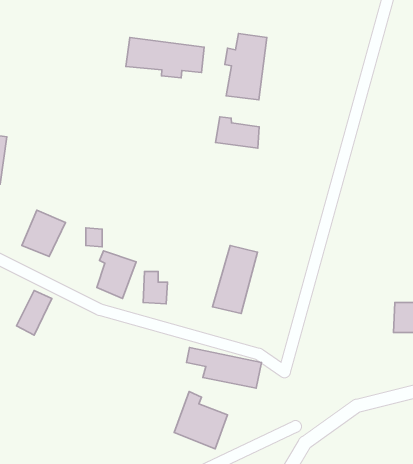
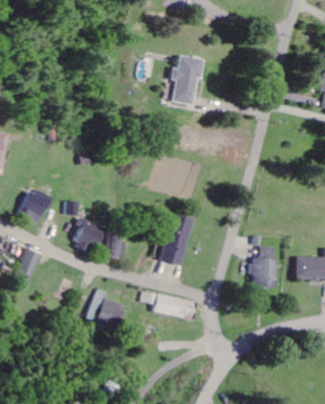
building: [126,37,204,78] -> none
building: [215,117,259,148] -> none
building: none -> [251,246,277,287]
building: [174,392,227,449] -> [88,288,127,331]

